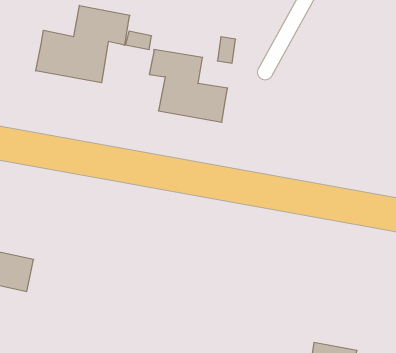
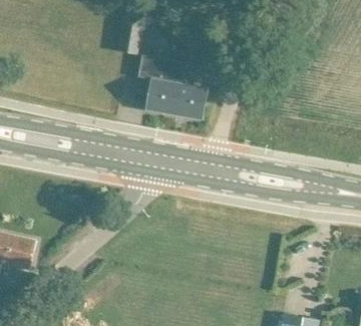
building: [36,5,130,83] -> none

